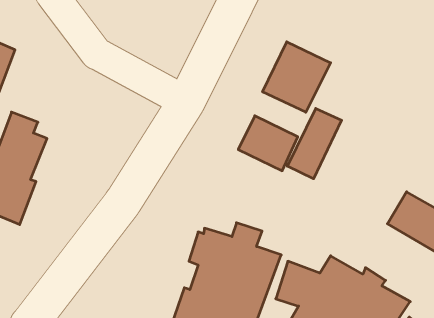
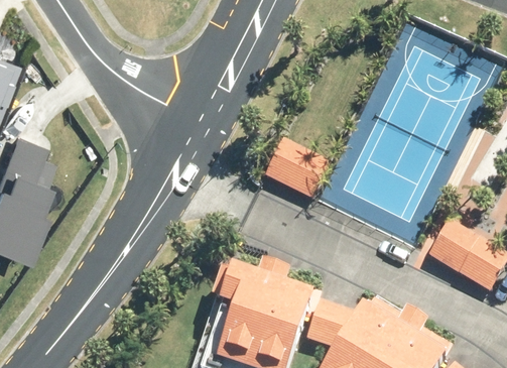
building: [263,42,331,112] -> none
building: [287,108,342,179] -> none

